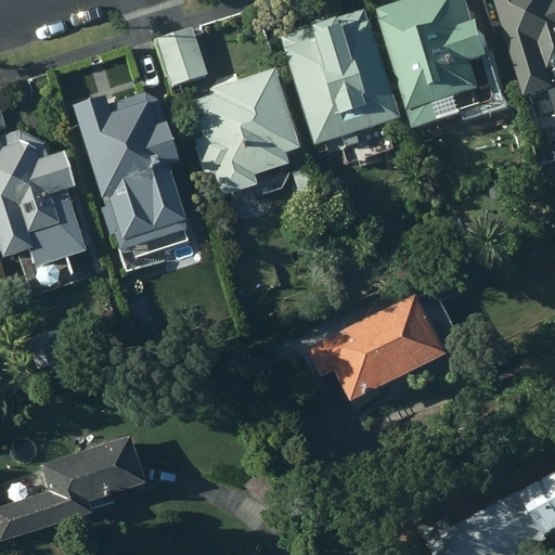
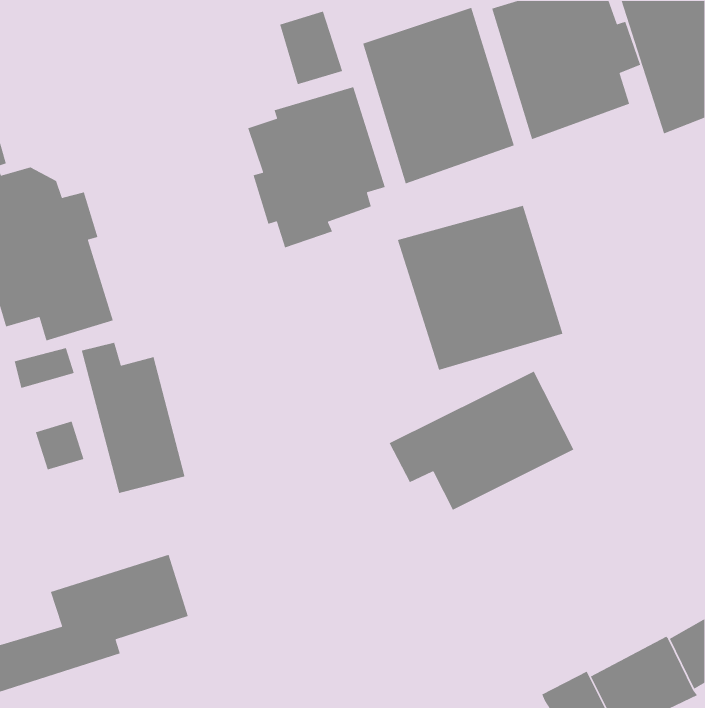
building: [155,33,205,91] -> [279,10,343,85]
building: [64,102,181,271] -> none
building: none -> [397,205,564,371]
building: none -> [81,342,186,494]

